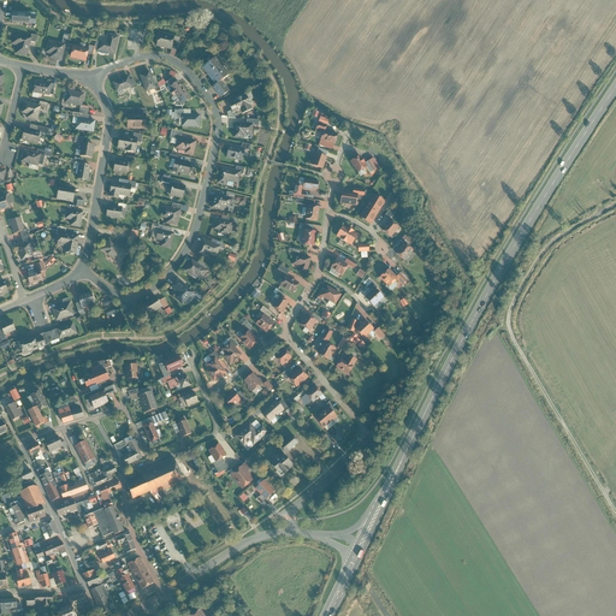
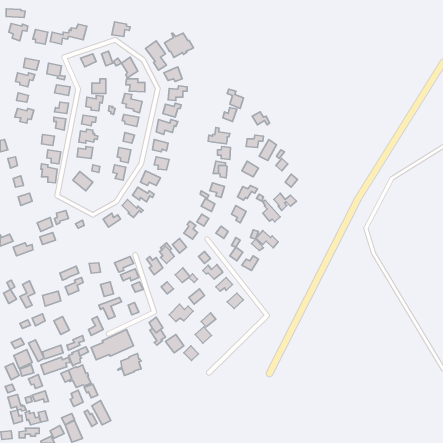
building: none -> [165,33,194,58]
building: none -> [118,353,141,376]

